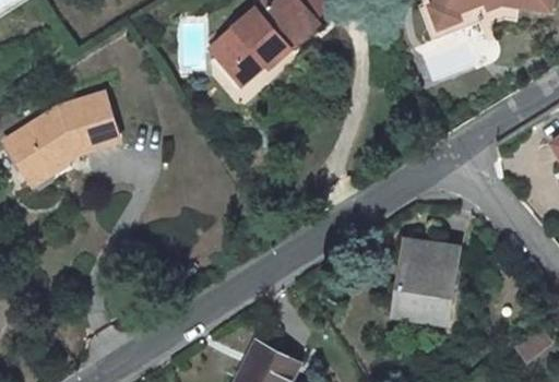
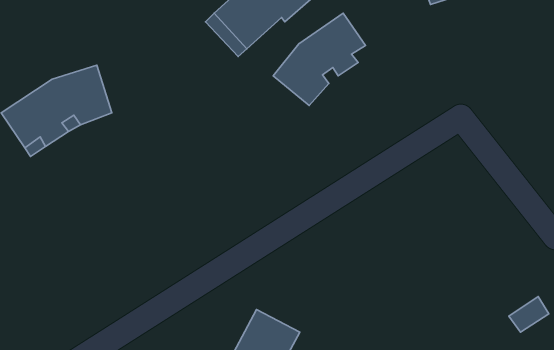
building: none -> [273,13,365,106]
building: [397,239,463,321] -> none

